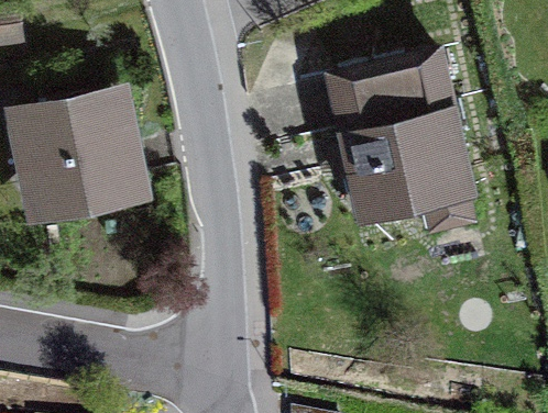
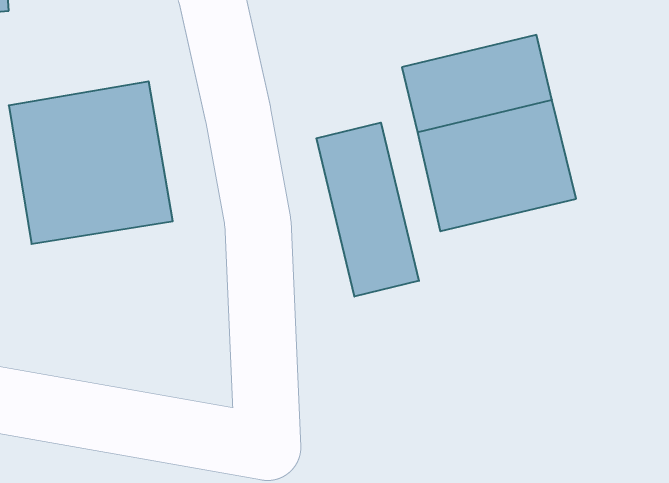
building: none -> [316,123,419,297]

